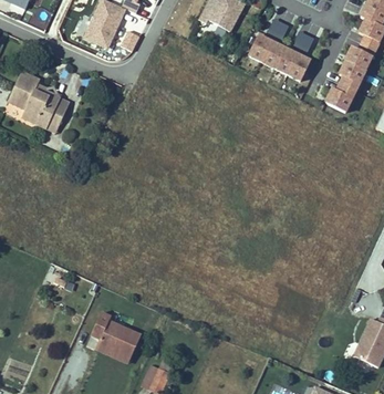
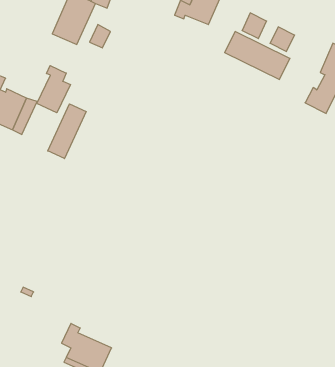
building: none -> [37,66,70,113]
building: none -> [48,104,86,159]

